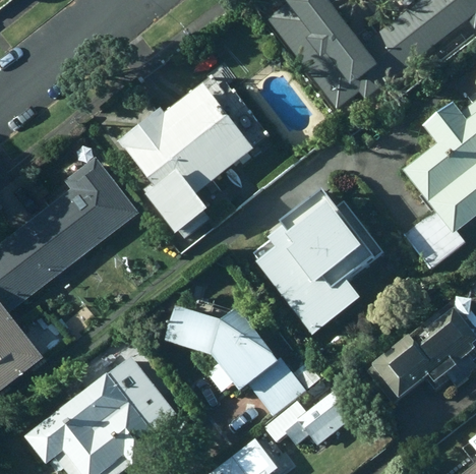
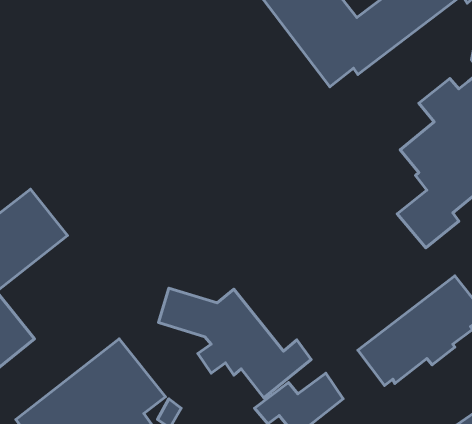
building: [120,71,263,234] -> none
building: [41,155,135,255] -> none
building: [251,187,384,336] -> none

